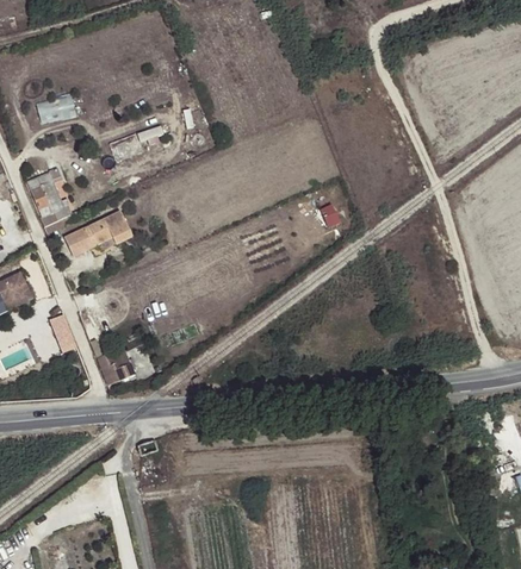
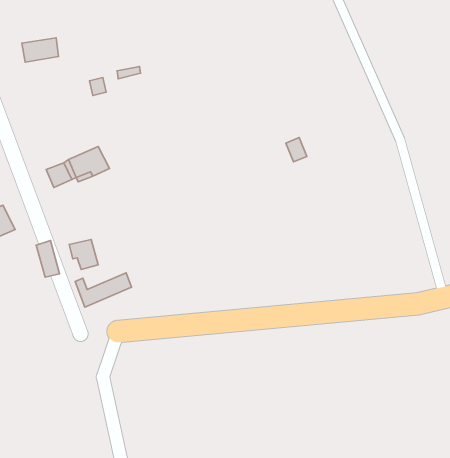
building: [25,171,62,218] -> none
building: none -> [69,240,98,270]

